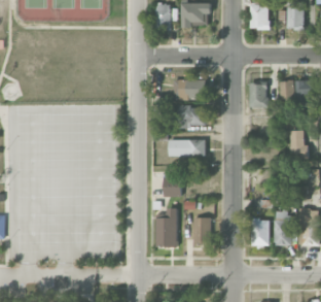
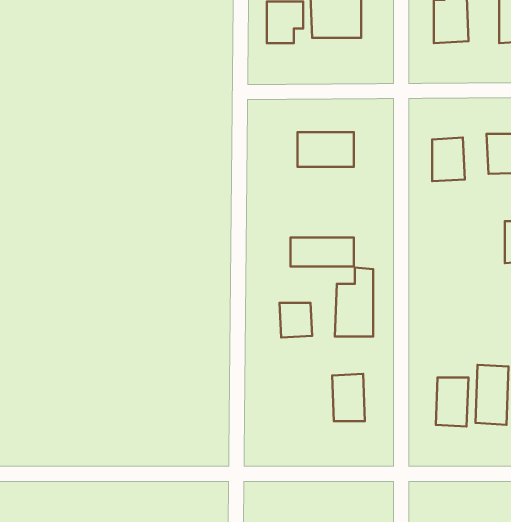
building: [178,106,206,127] -> none
building: [155,207,177,246] -> [335,267,373,337]

